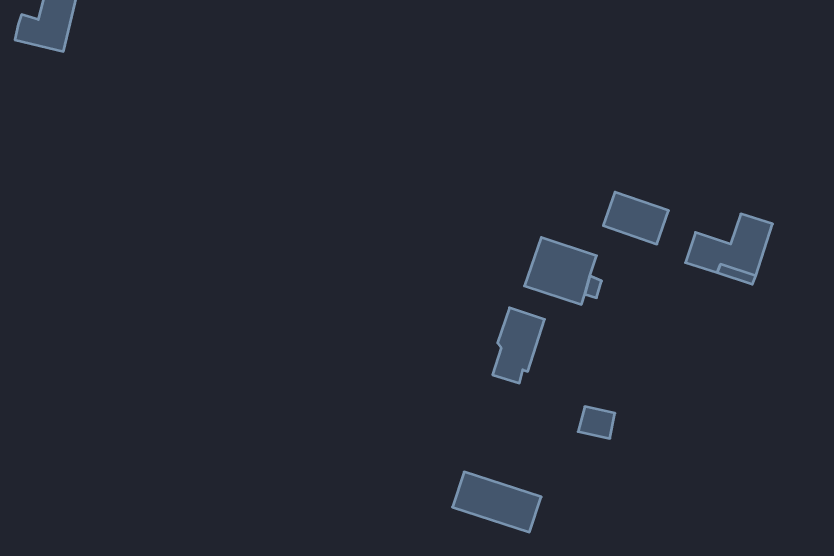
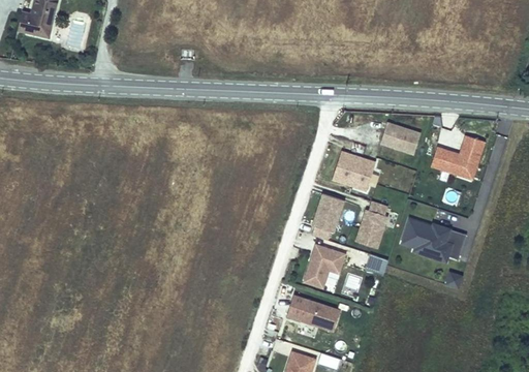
building: none -> [355,199,387,246]
building: none -> [402,219,466,261]
building: none -> [306,245,347,288]

